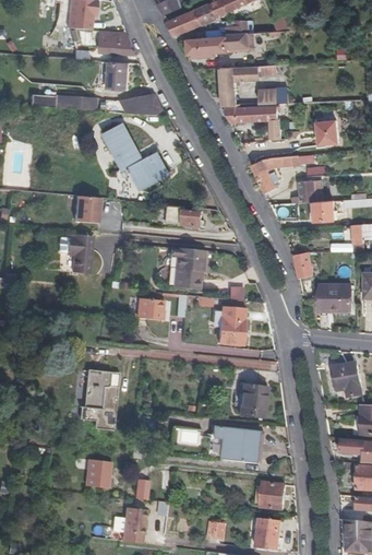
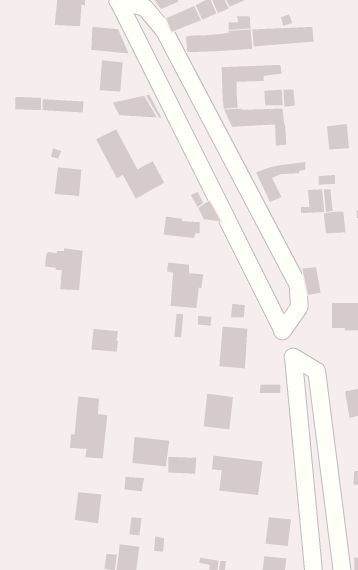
building: [73,196,99,223] -> [54,167,82,197]
building: [136,298,163,320] -> [90,328,119,352]
building: [238,383,266,417] -> [203,393,234,430]
building: none -> [132,436,170,467]

